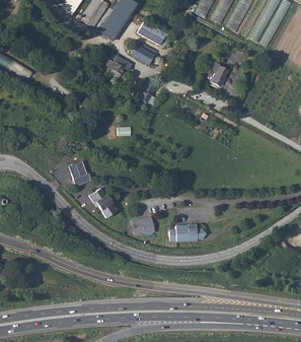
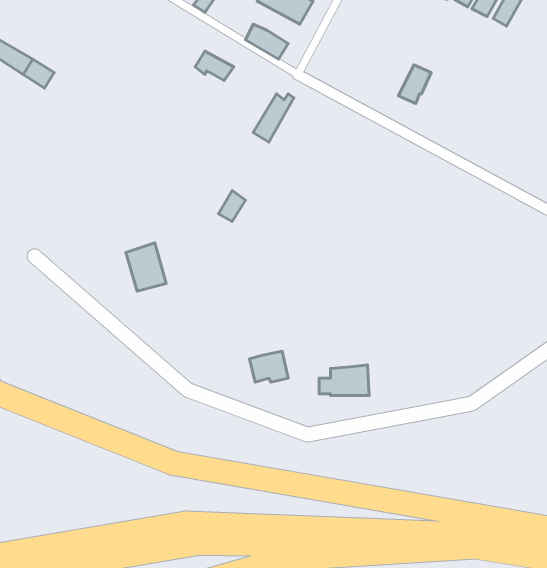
building: [89,188,118,217] -> none

